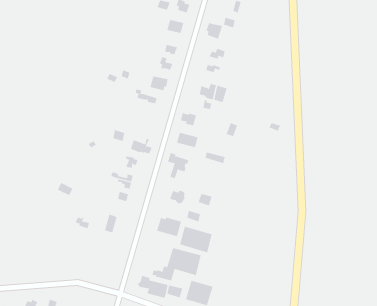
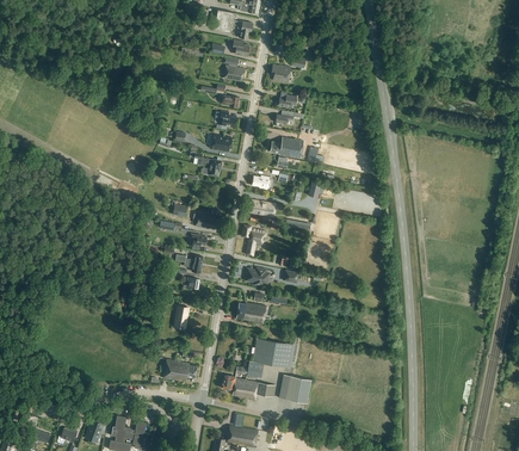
building: [180,226,212,253] -> none
building: none -> [163,358,197,381]

